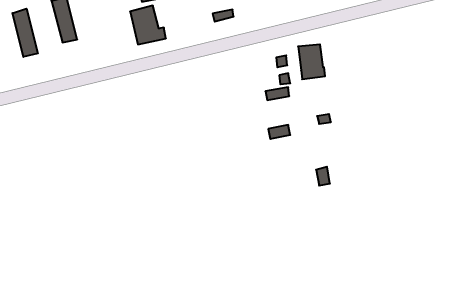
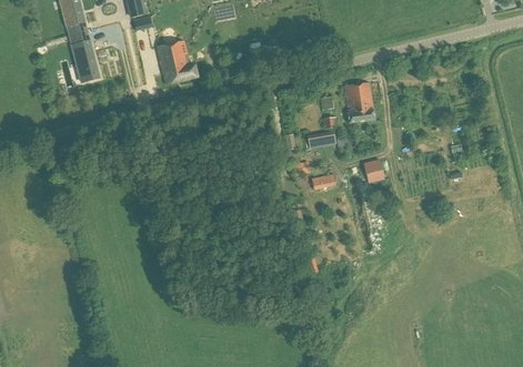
building: [12,9,38,57] -> none

